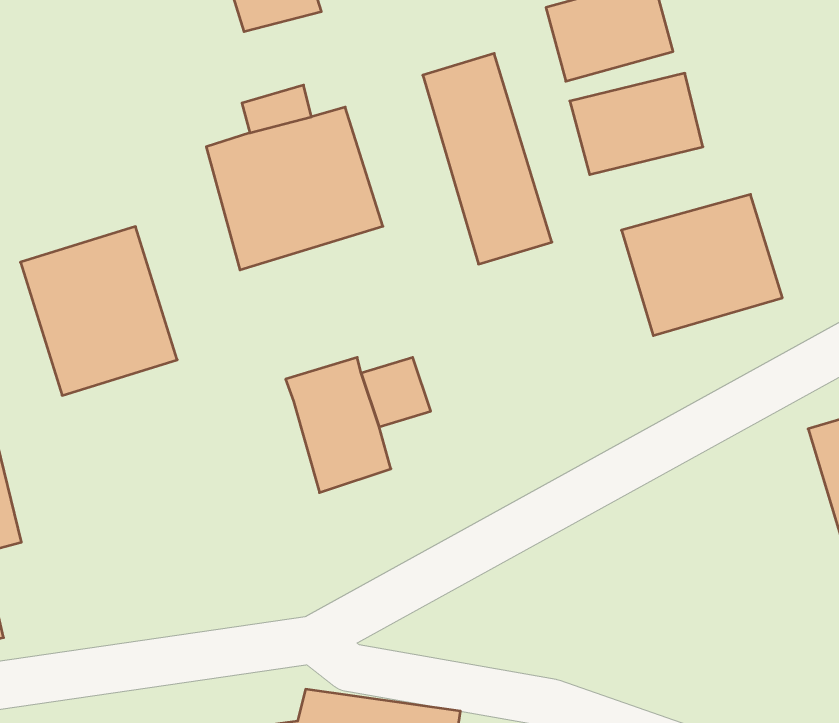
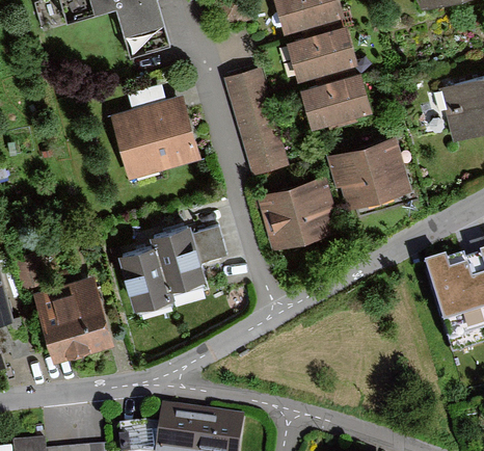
building: [20,227,177,395] -> [33,275,115,364]
building: none -> [259,177,339,253]
building: none -> [120,248,174,312]

